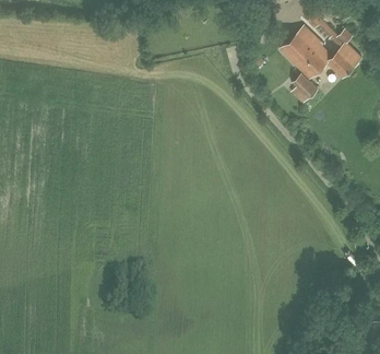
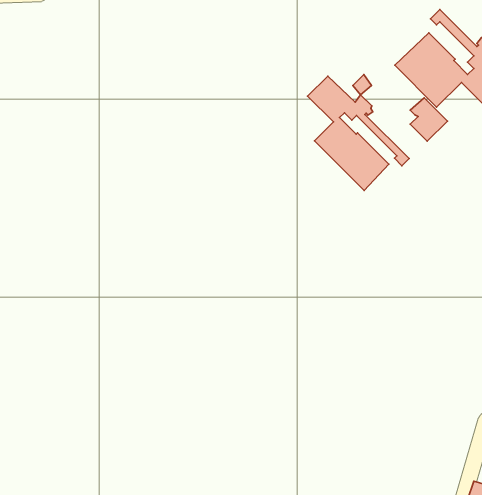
building: none -> [308,76,409,191]

